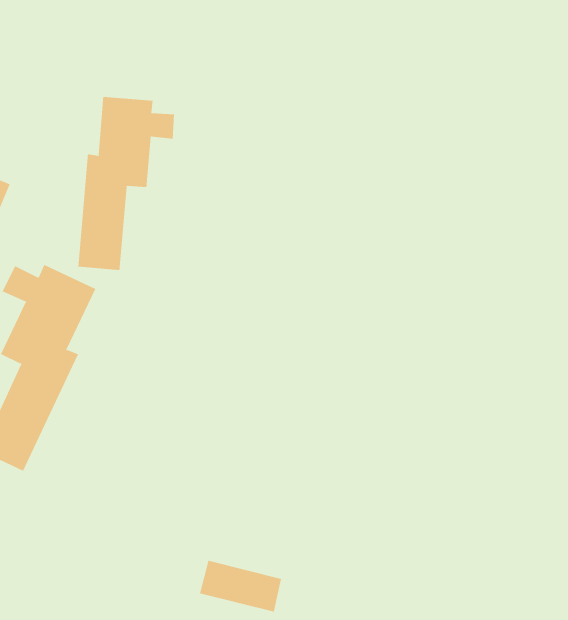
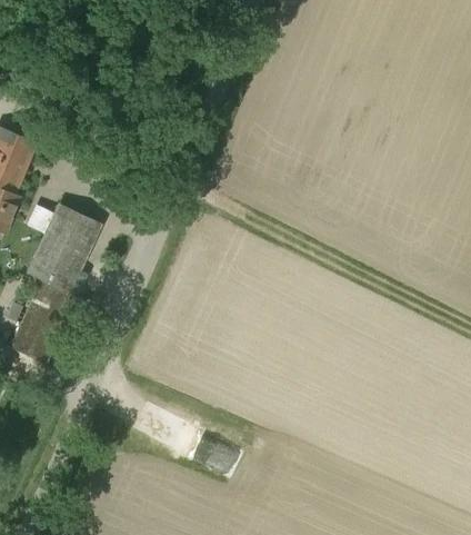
building: [78,96,175,271] -> none

